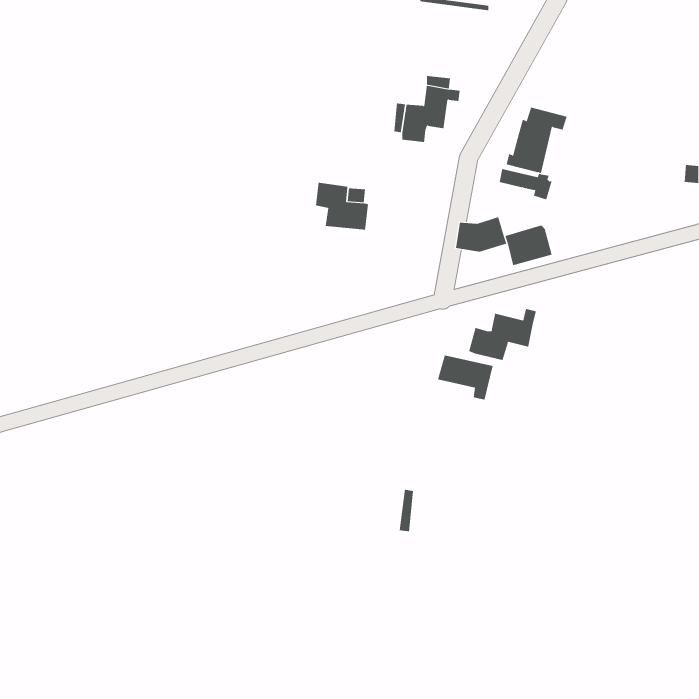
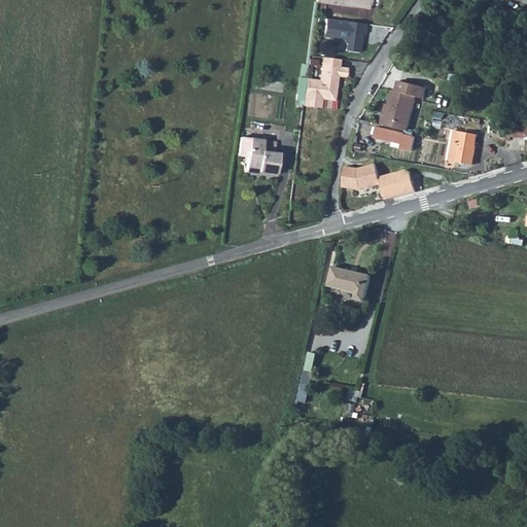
building: none -> [321,17,364,51]
building: none -> [449,130,477,164]
building: [469,308,537,361] -> none

